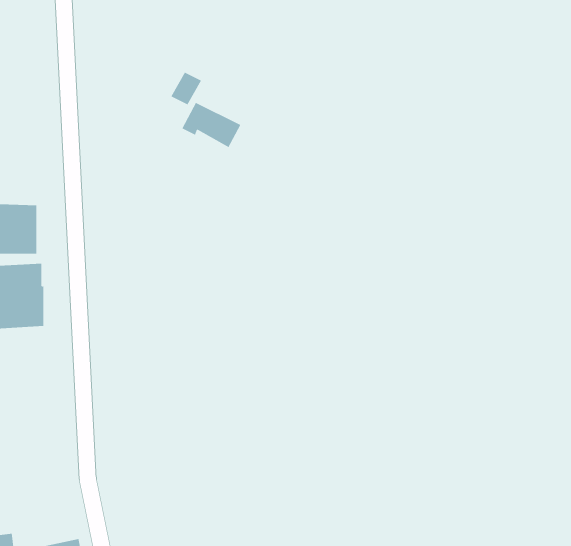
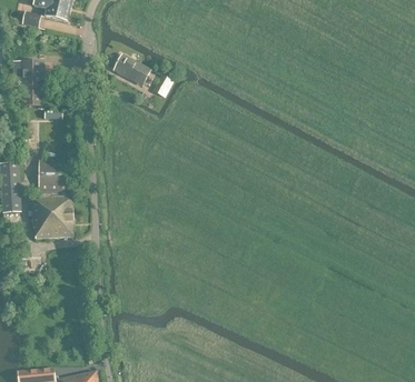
building: [182,102,241,148] -> [112,53,150,82]

